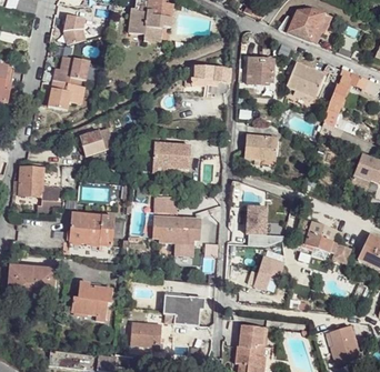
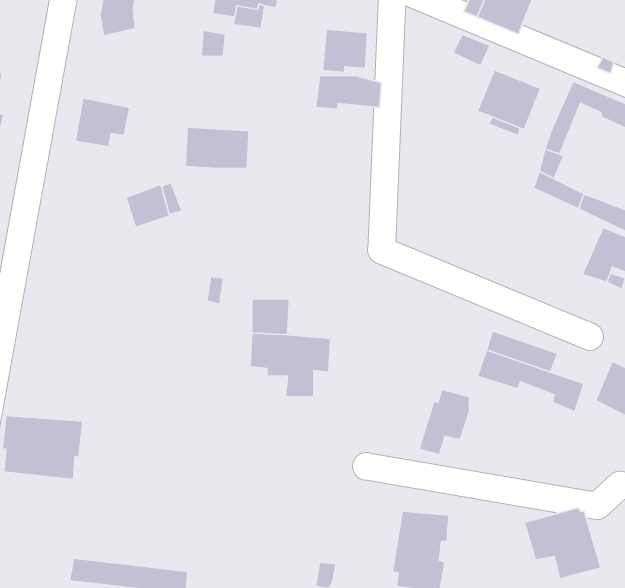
building: [54,56,90,84] -> none
building: [248,59,274,84] -> [322,29,367,72]
building: [244,135,276,160] -> none
building: [152,141,190,165] -> [185,127,249,169]
building: [20,168,61,212] -> none
building: [250,212,273,247] -> none
building: [74,217,118,247] -> none
building: [70,281,112,322] -> none
building: [164,295,206,326] -> none
building: [131,322,166,350] -> none

